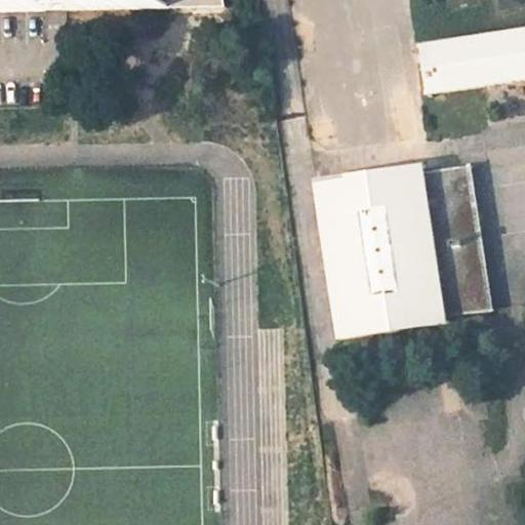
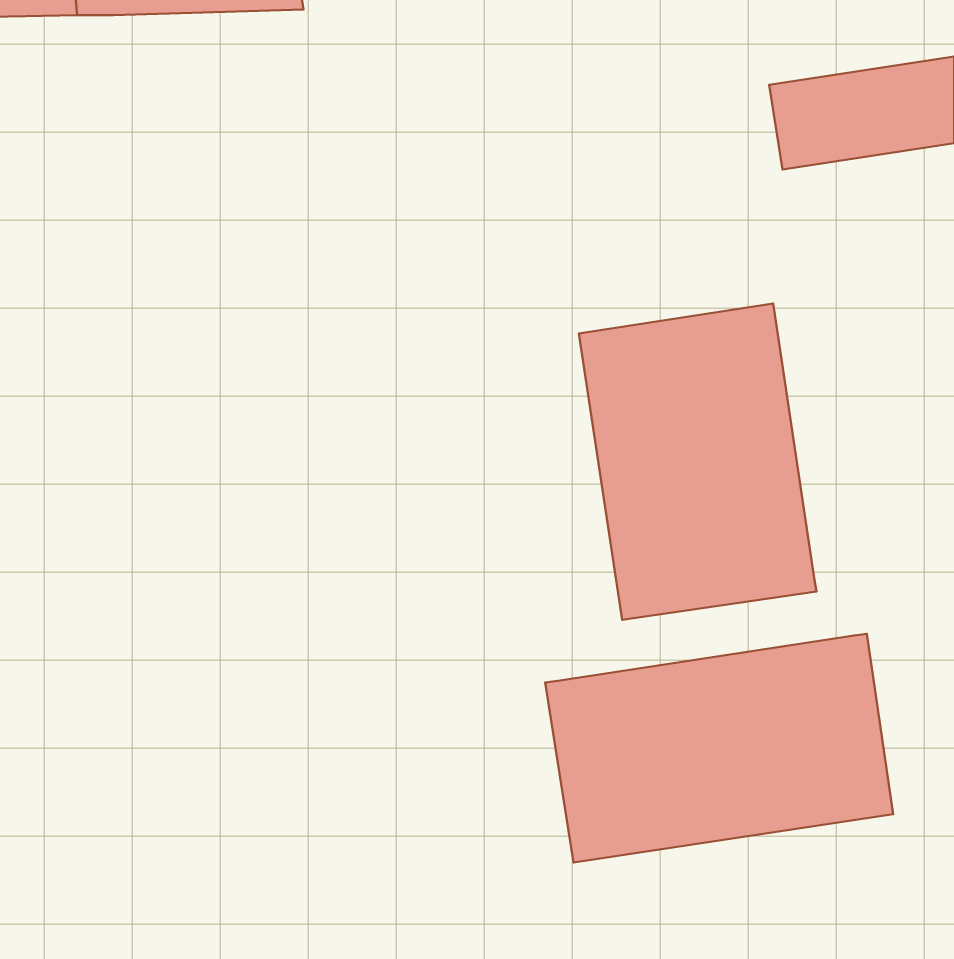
building: [421,164,488,316] -> none
building: none -> [545,634,893,862]

